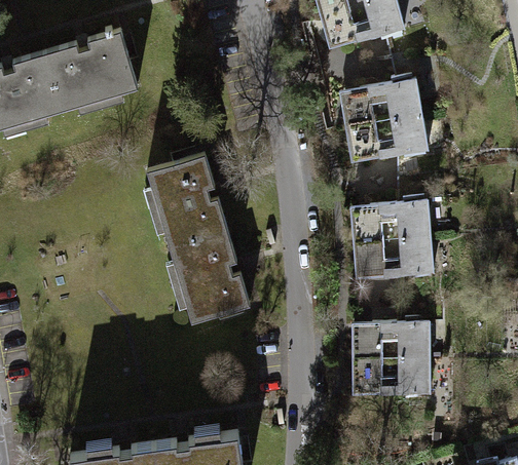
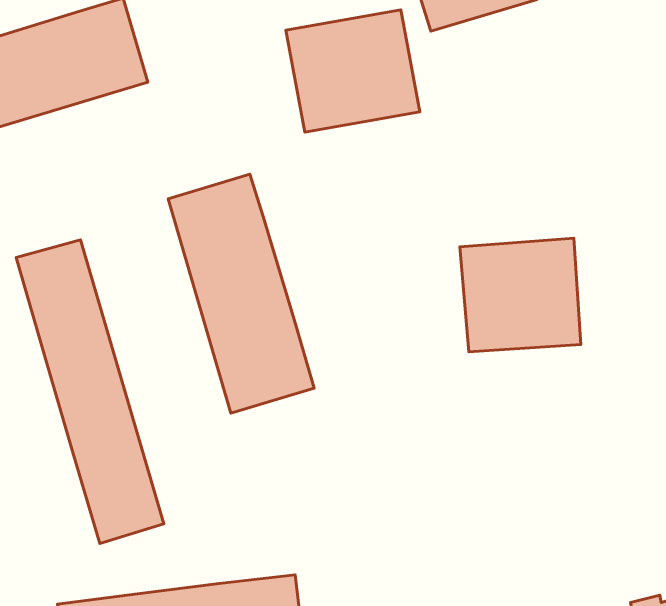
building: [337,77,432,163] -> [286,10,420,132]
building: none -> [16,240,164,543]
building: [352,324,437,401] -> none

